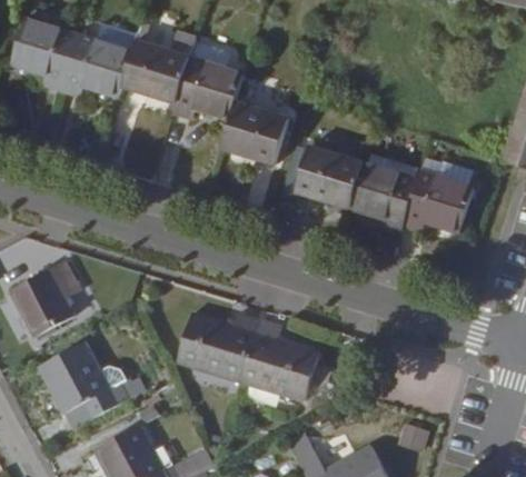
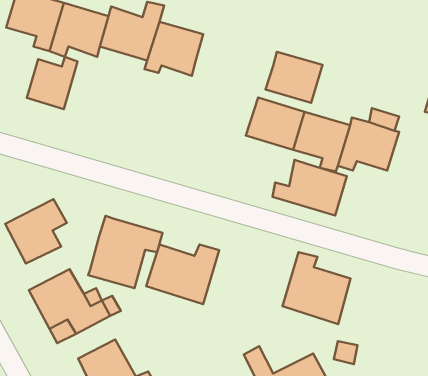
building: none -> [27,57,77,109]
building: [219,102,286,162] -> [266,52,322,103]
building: none -> [273,160,347,215]
building: none -> [88,216,163,288]
building: [241,324,321,408] -> [282,252,351,324]

